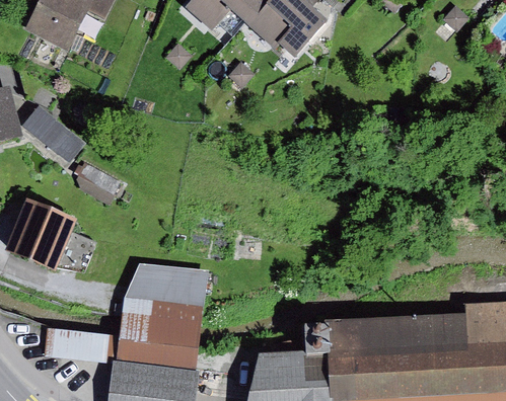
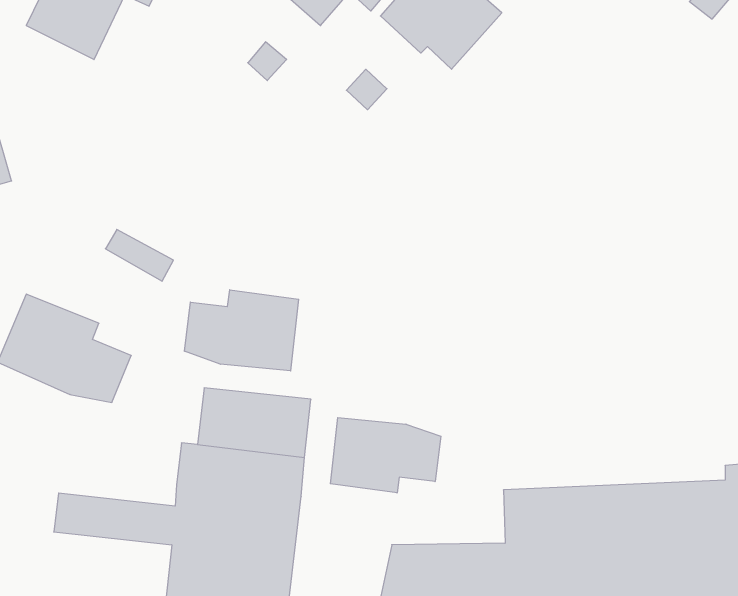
building: [23,107,84,162] -> none
building: none -> [184,290,299,371]
building: none -> [330,418,441,493]

